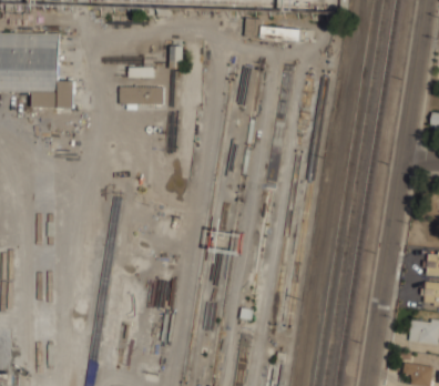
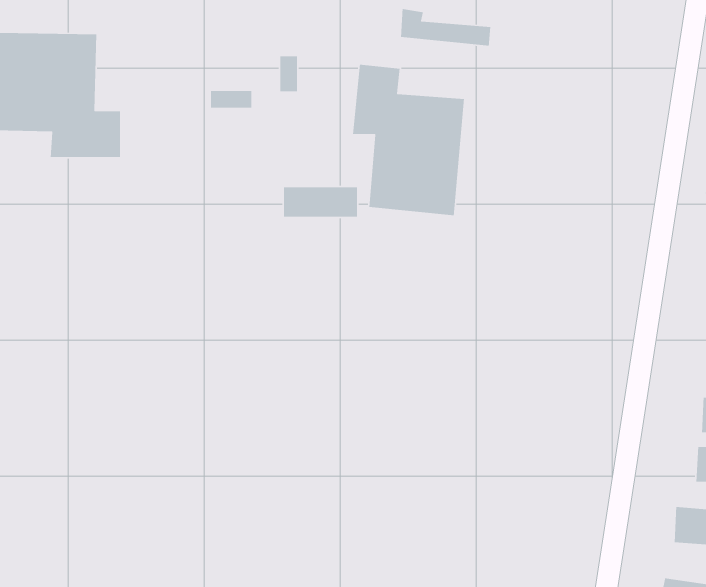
building: none -> [352,64,465,216]
building: [119,84,164,103] -> [283,187,358,218]

